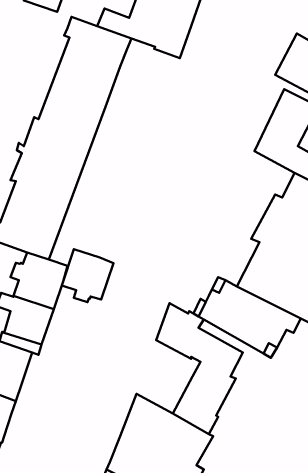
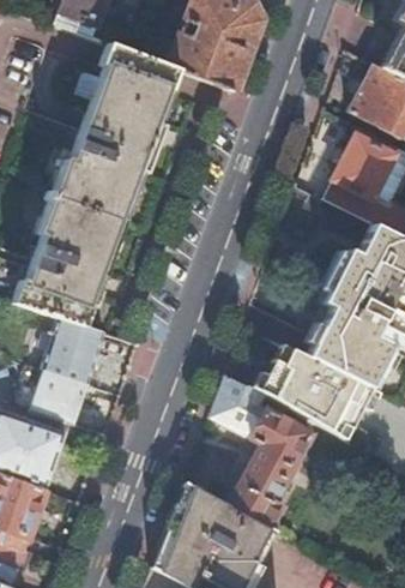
building: [62,249,113,302] -> none

